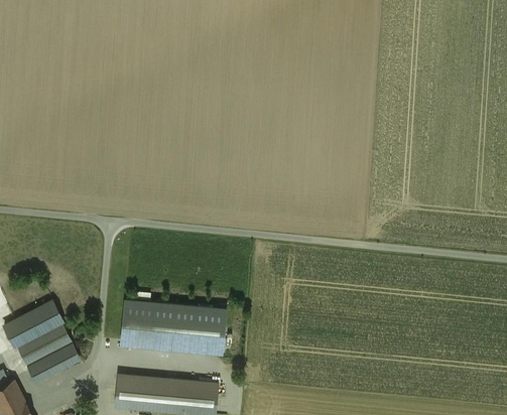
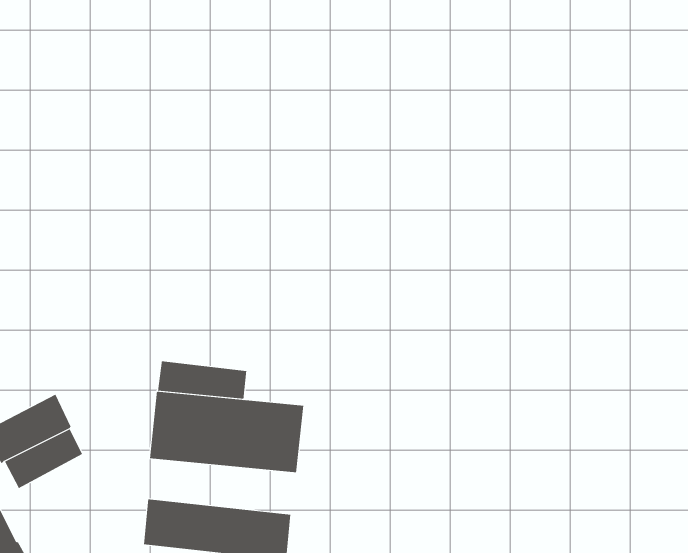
building: none -> [158,360,247,400]
building: [26,342,82,385] -> none

